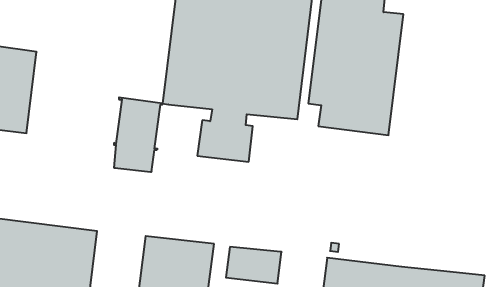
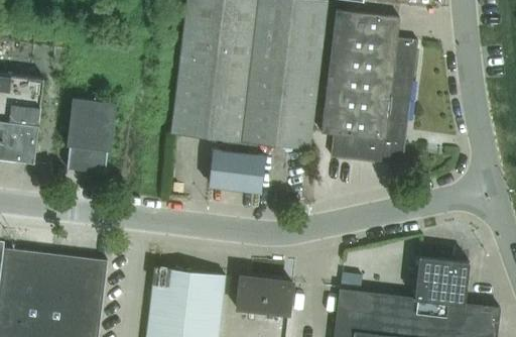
building: [114,97,163,172] -> [67,97,116,173]
building: none -> [415,256,470,304]

